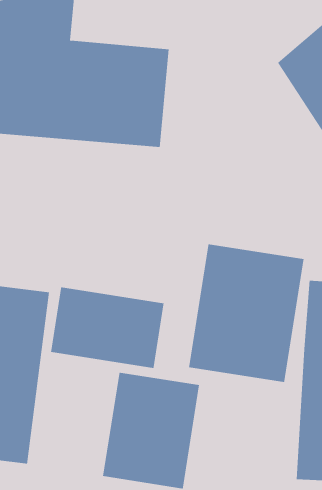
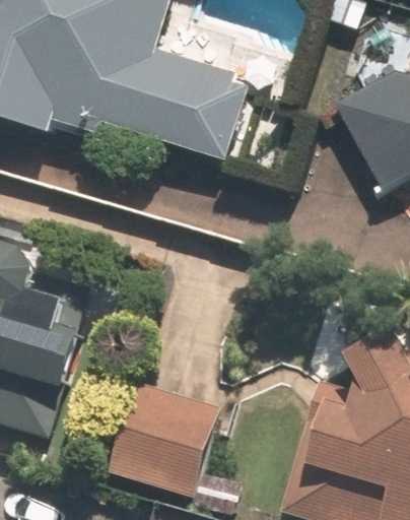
building: [188,244,304,383] -> none
building: [50,287,164,369] -> none

